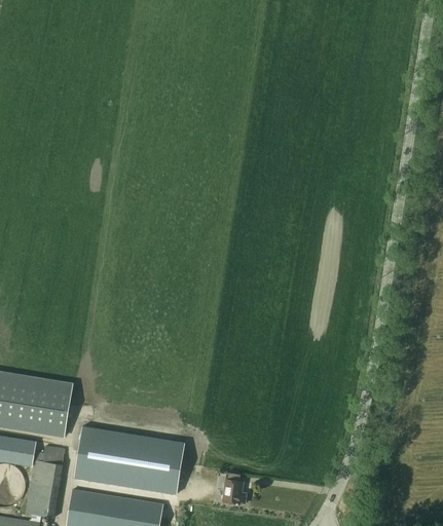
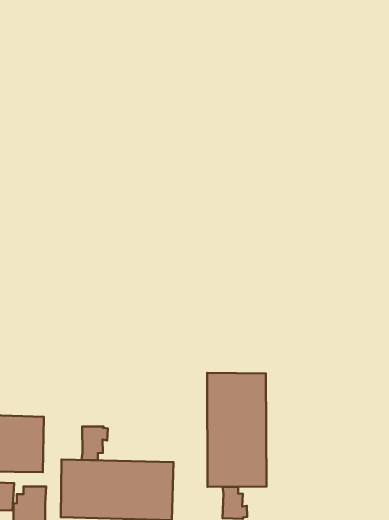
building: none -> [207,373,266,487]
building: none -> [81,427,108,460]

